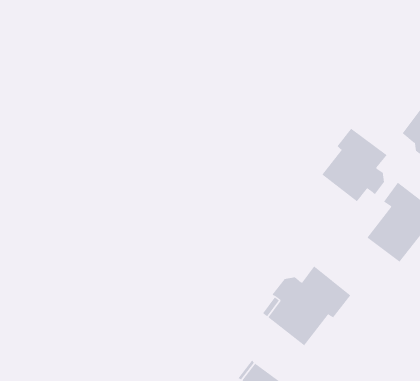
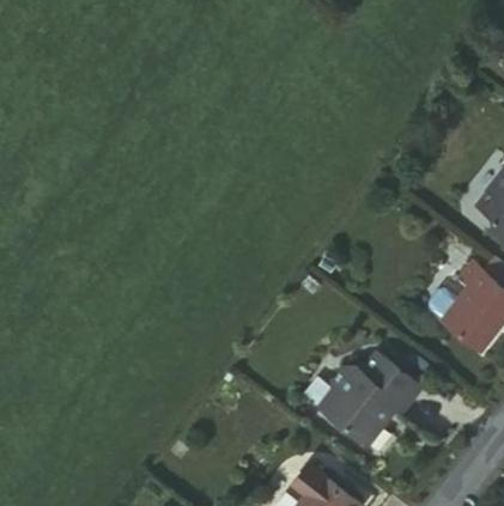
building: [321,128,387,202] -> none

